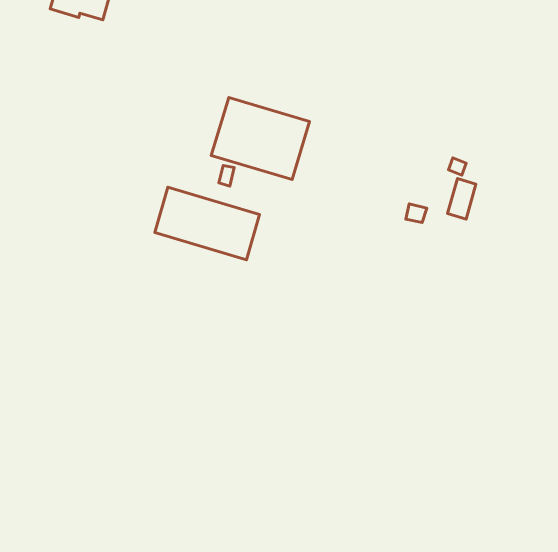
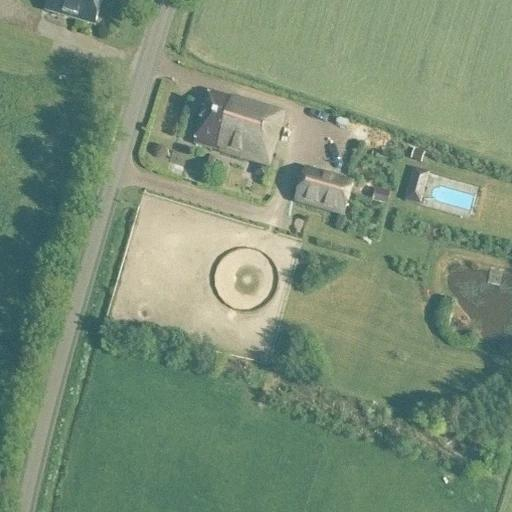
building: none -> [294,167,352,214]
building: [155,187,260,260] -> none

